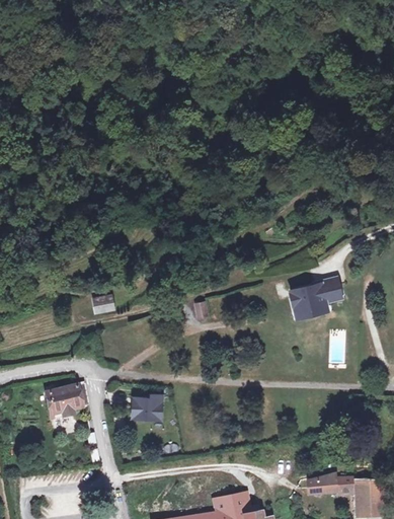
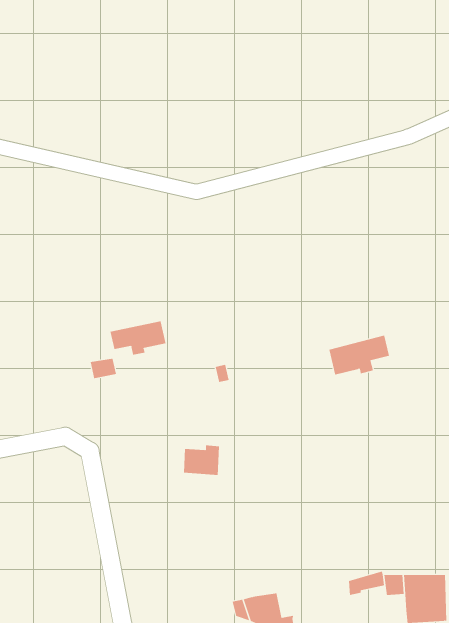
building: none -> [110,320,166,356]
building: [49,385,90,415] -> none
building: [134,395,164,421] -> [183,445,220,475]

